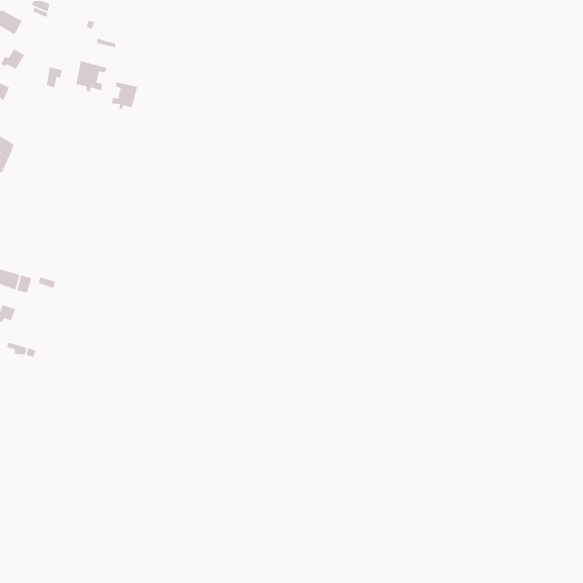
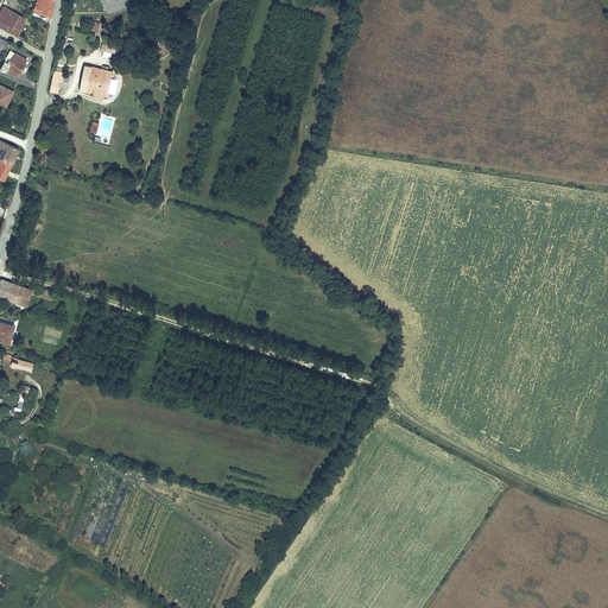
building: [111,82,138,110] -> none

